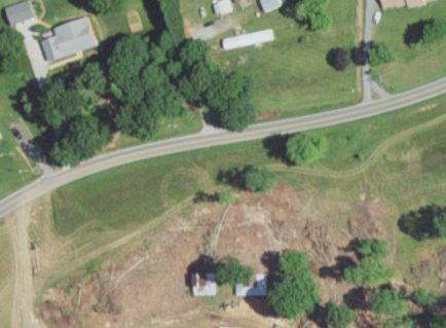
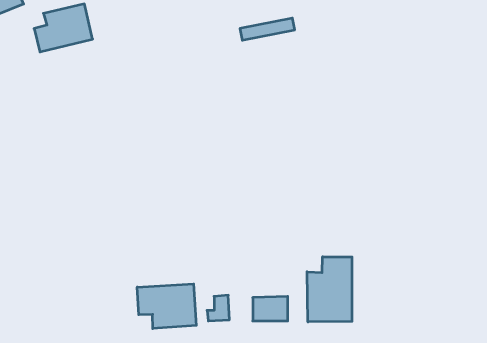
building: none -> [307,257,352,322]
building: none -> [137,284,196,329]

